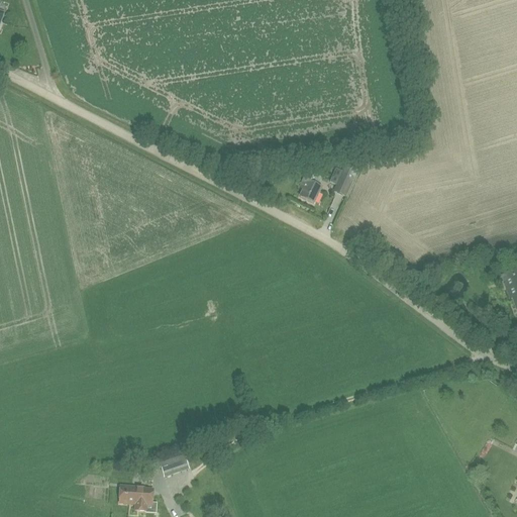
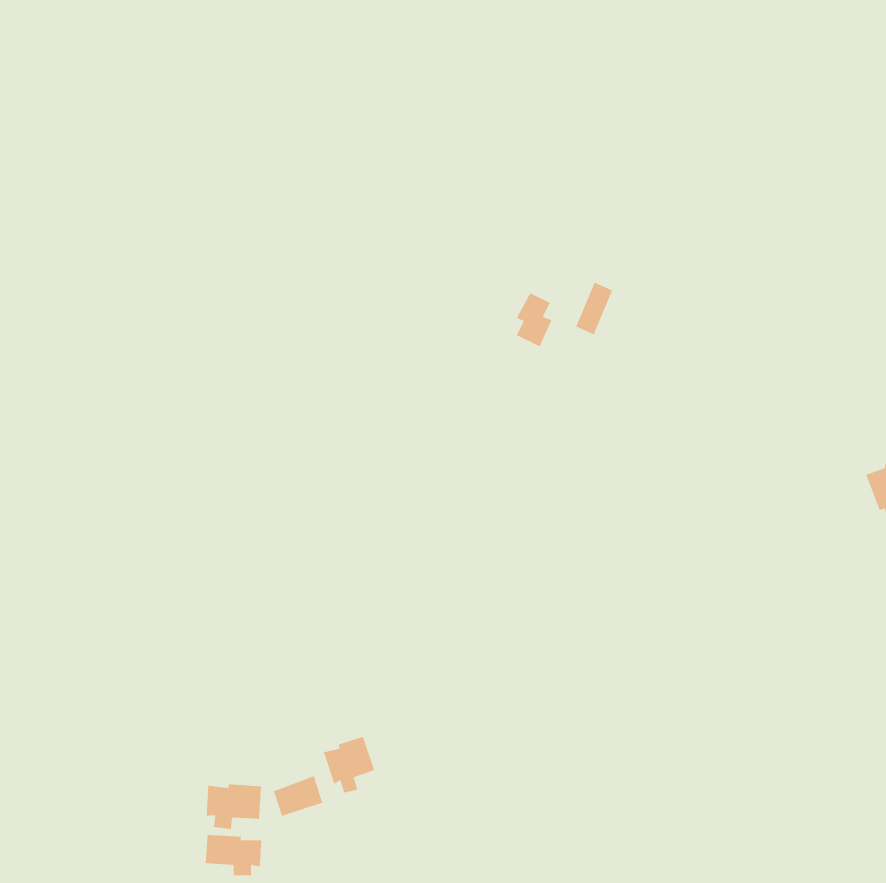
building: none -> [323,736,375,794]
building: none -> [206,783,262,830]

